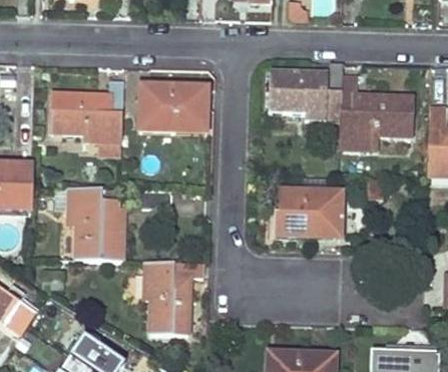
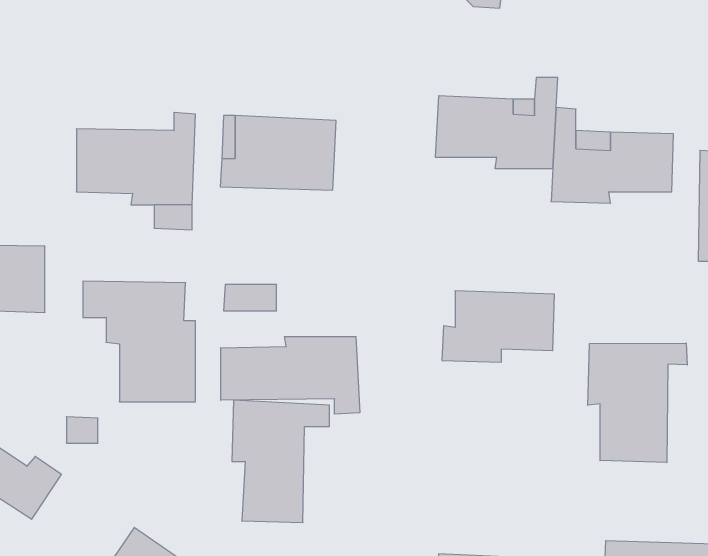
building: none -> [221,337,360,414]
building: none -> [588,343,687,463]

